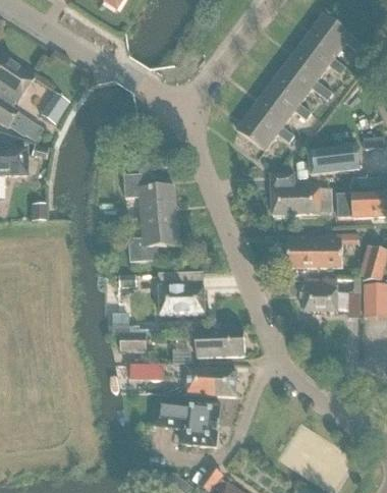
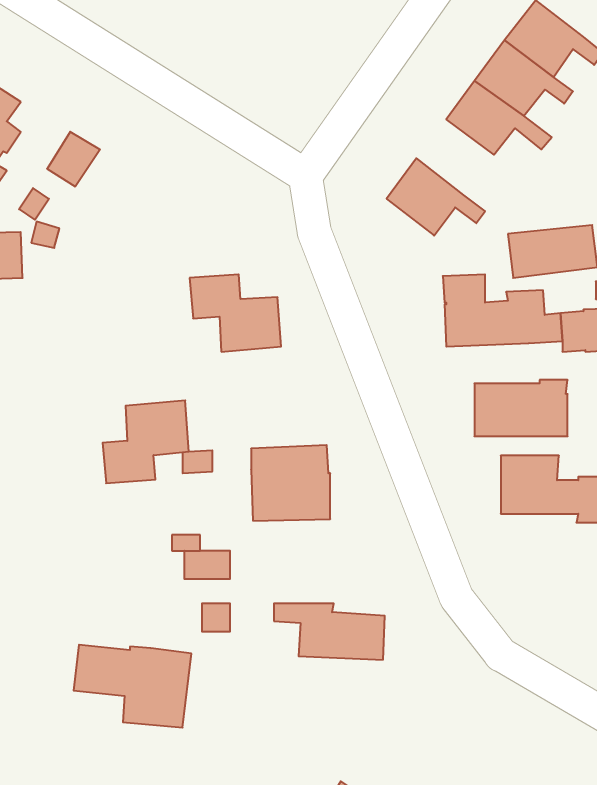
building: [255,84,312,127] -> none
building: [128,215,178,263] -> [103,400,189,483]
building: [196,330,244,358] -> none
building: [153,399,221,447] -> [74,645,191,728]

